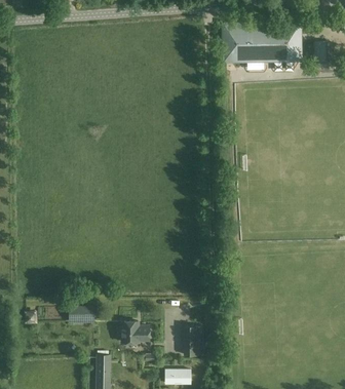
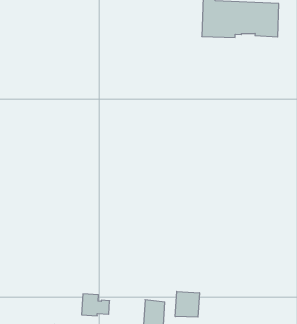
building: [69,308,94,323] -> none
building: none -> [175,291,199,317]

